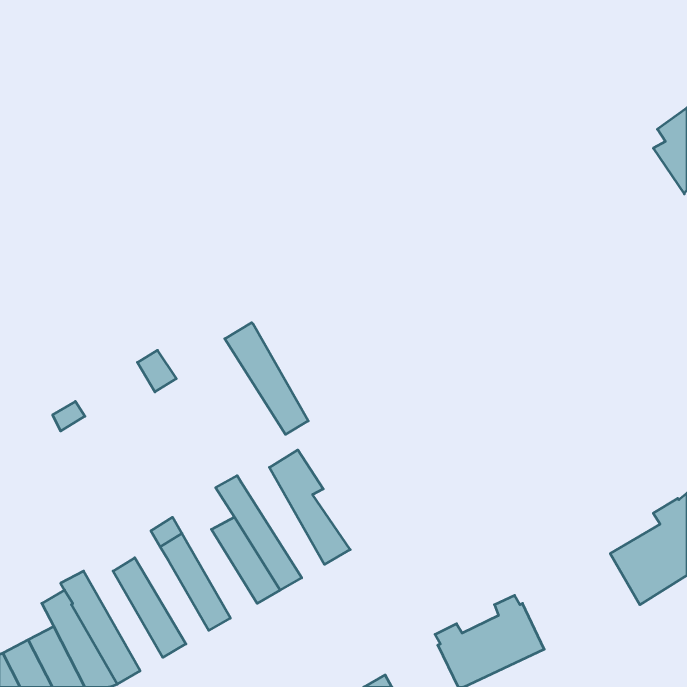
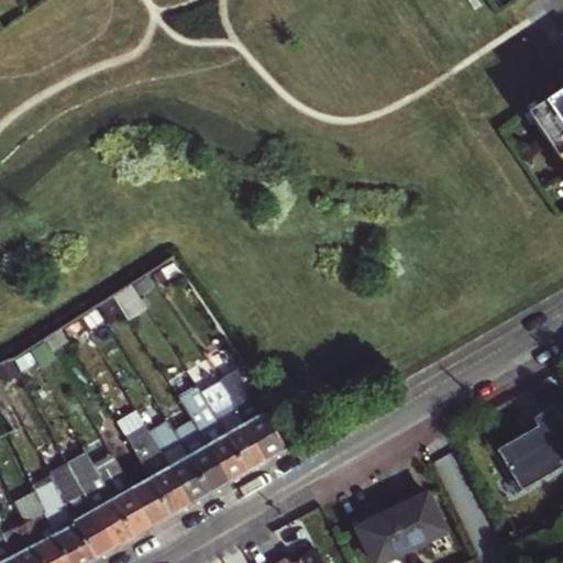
building: [225,323,308,434] -> [197,380,265,472]
building: none -> [153,432,210,505]
building: none -> [65,451,133,548]
building: none -> [110,452,170,526]

